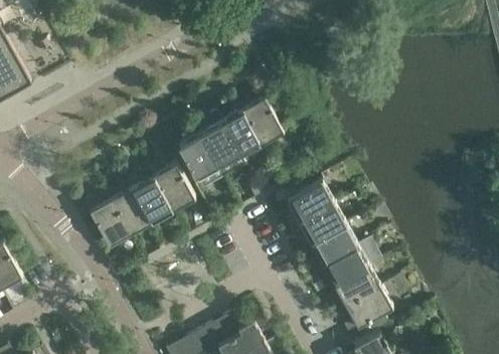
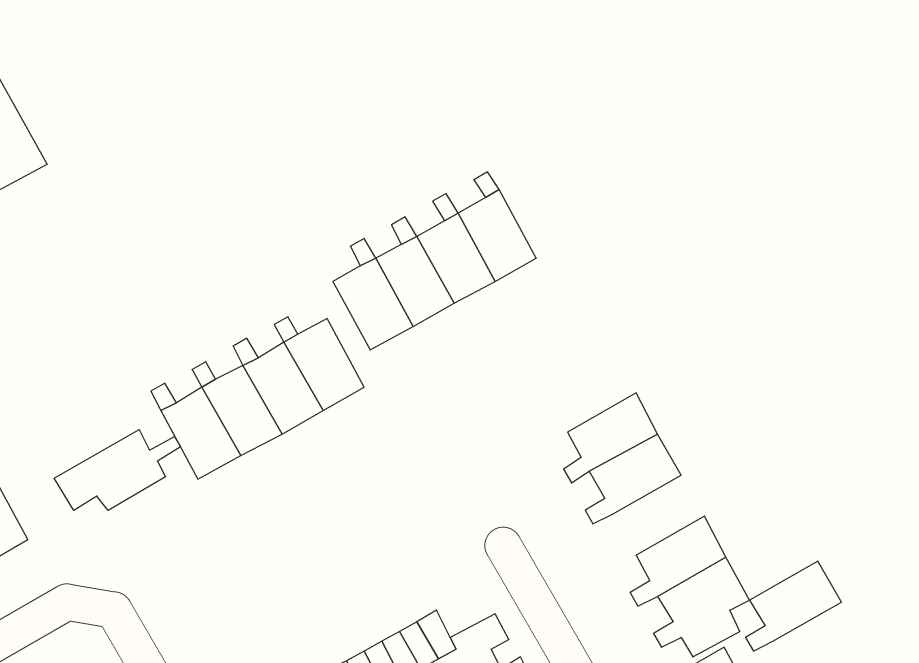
building: [285,181,334,228] -> none
building: none -> [54,430,180,510]
building: [320,245,369,292] -> [746,561,841,651]

